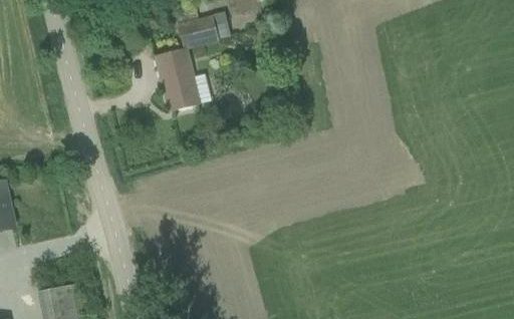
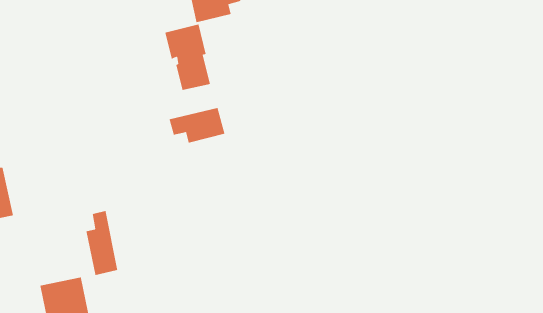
building: none -> [169,107,225,143]
building: none -> [86,210,118,276]

